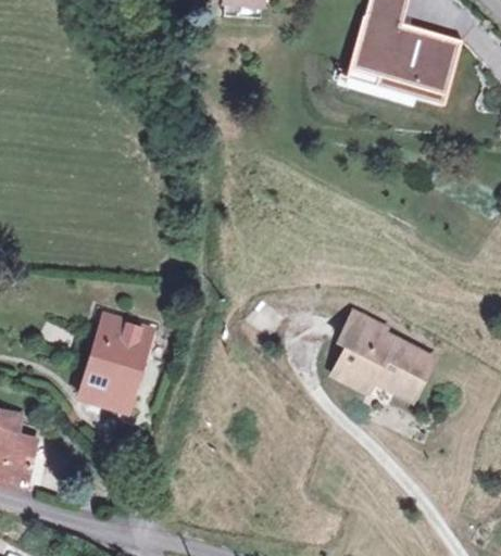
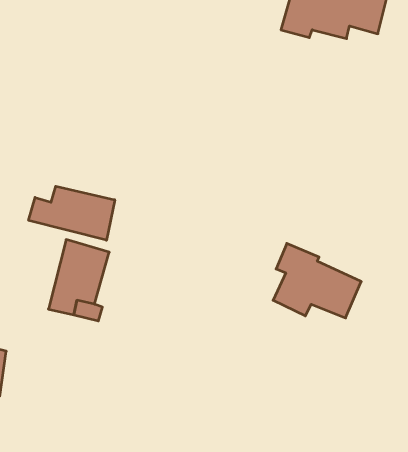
building: none -> [29,186,115,240]

